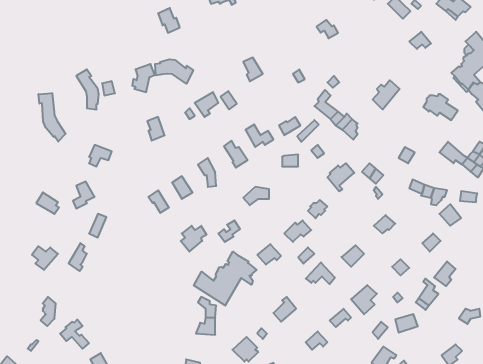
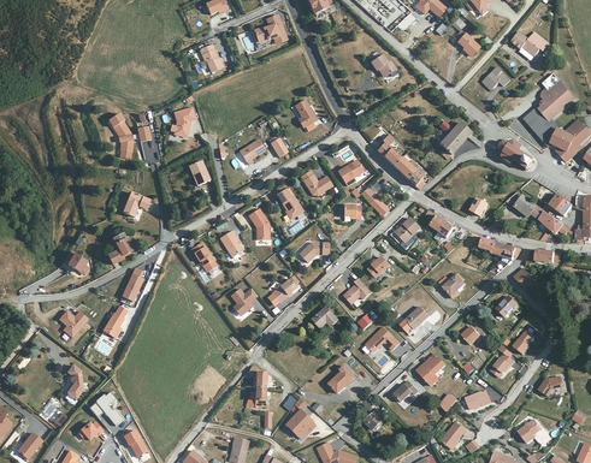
building: [155,59,193,84] -> none
building: [39,93,66,142] -> none
building: [194,252,257,306] -> none

